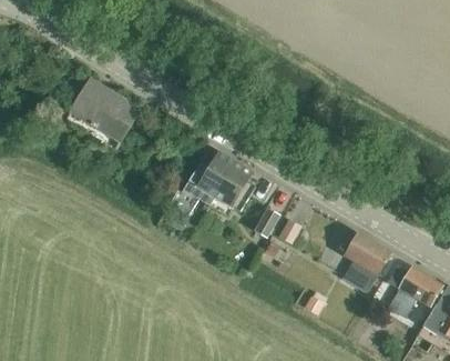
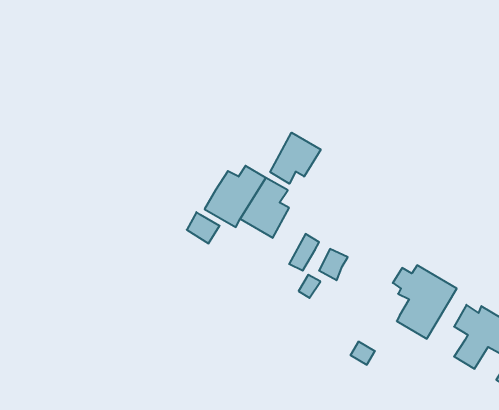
building: [65,77,140,148] -> none
building: none -> [270,133,321,184]

